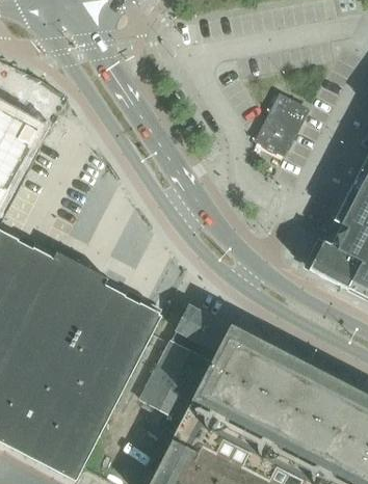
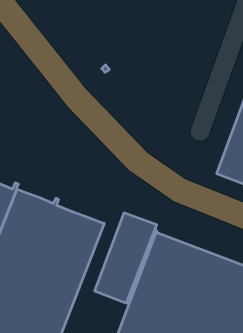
building: [257,96,307,154] -> none

